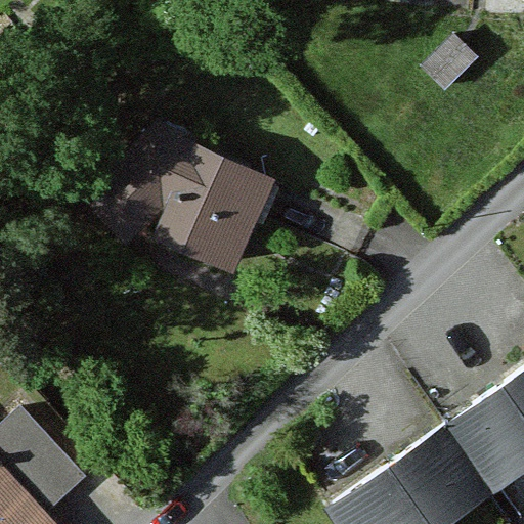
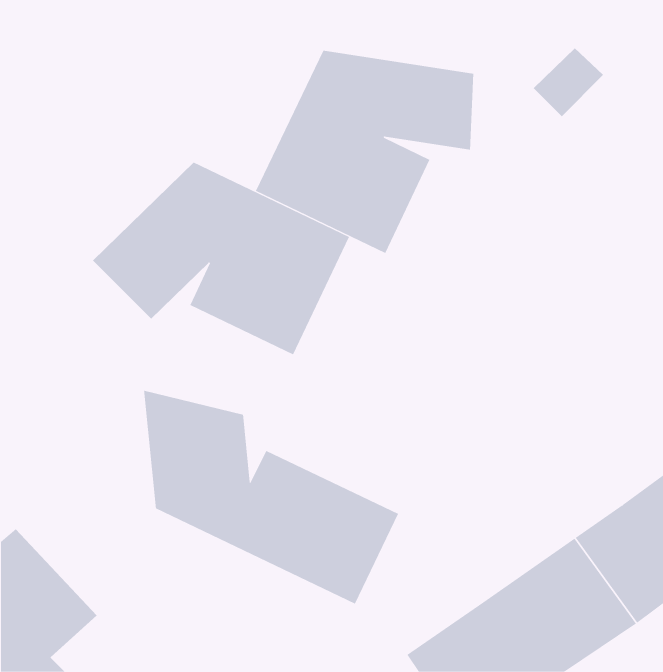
building: none -> [255,50,474,254]
building: none -> [144,390,399,604]

